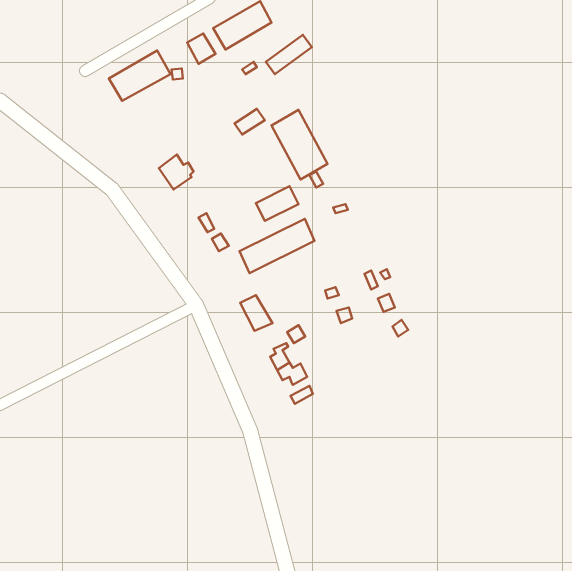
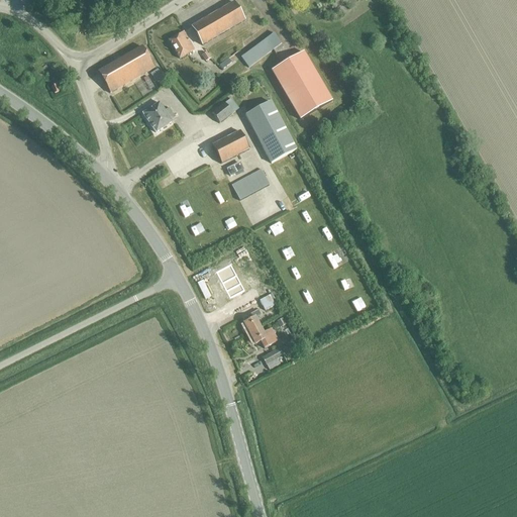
building: none -> [271,48,331,116]
building: none -> [211,129,248,163]
building: [159,155,194,189] -> [143,100,175,131]
building: [240,219,314,273] -> none

